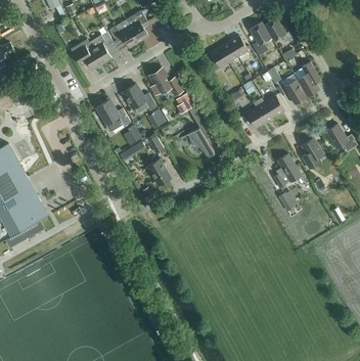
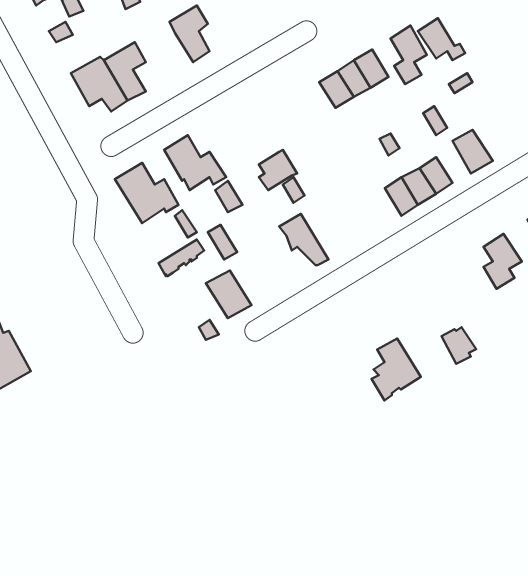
building: [108,19,138,48] -> none
building: [297,61,319,96] -> none
building: [148,67,182,96] -> none
building: [273,153,301,188] -> [372,338,421,401]

